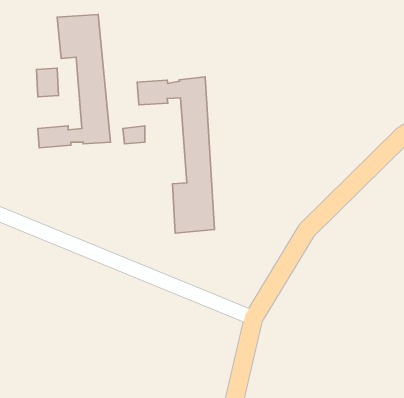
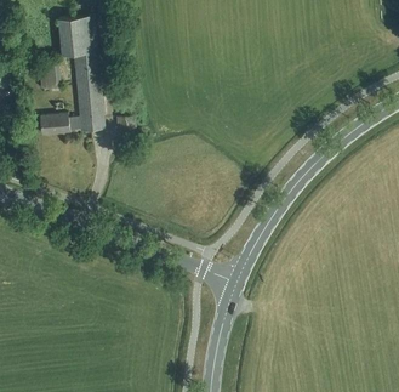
building: [137,77,215,233] -> none

